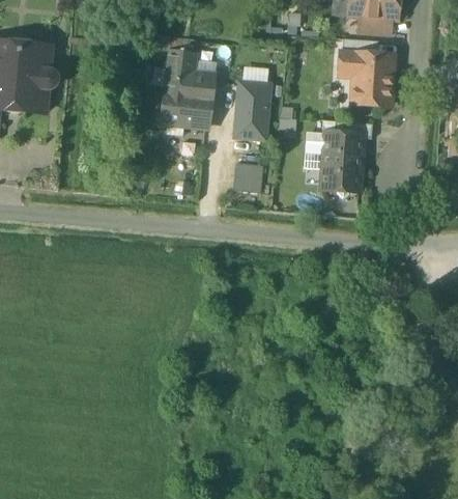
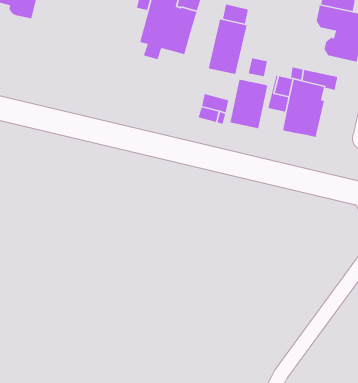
building: none -> [230,79,268,129]

